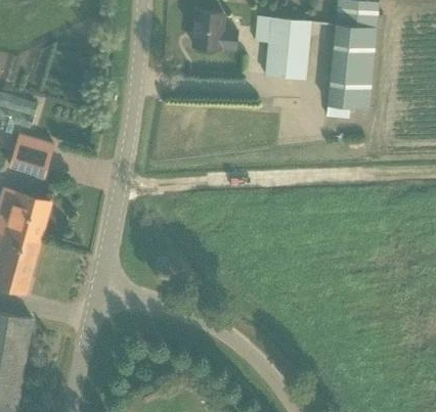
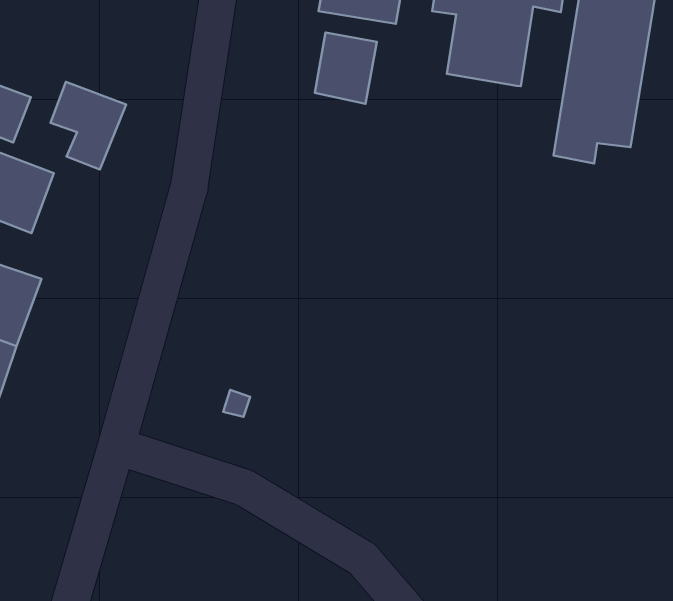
building: none -> [315,32,377,104]
building: none -> [50,82,126,170]

